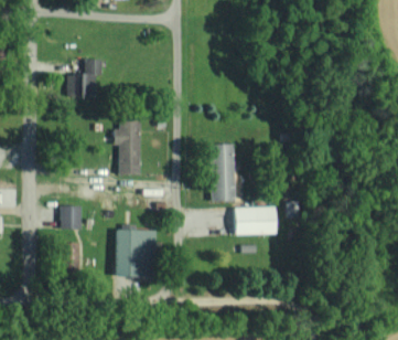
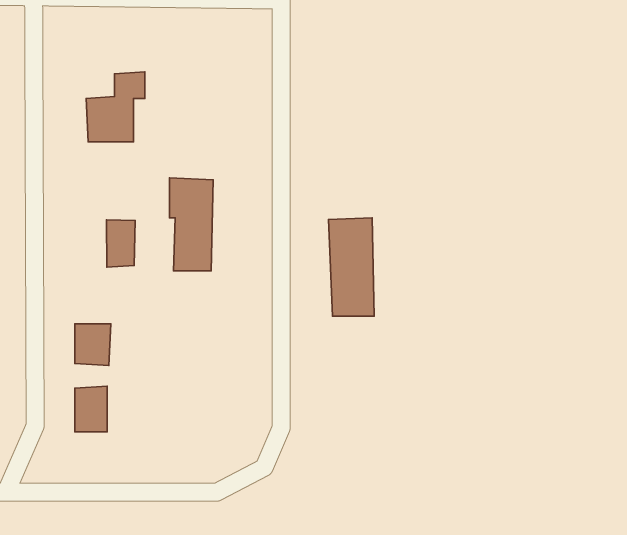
building: none -> [106,220,135,267]
building: [235,206,277,235] -> none
building: [116,230,152,277] -> none

